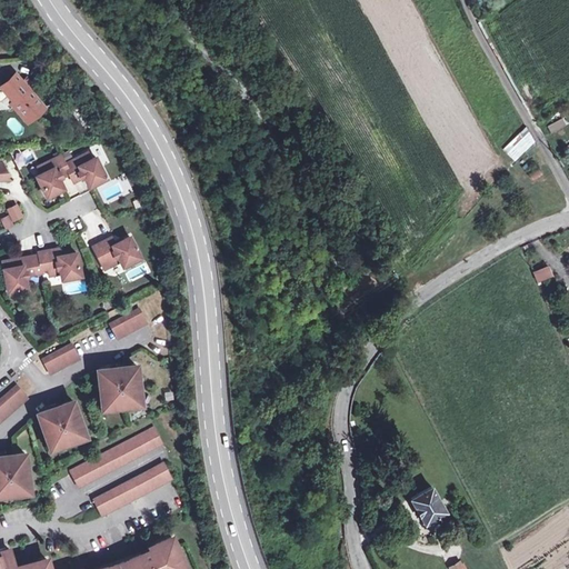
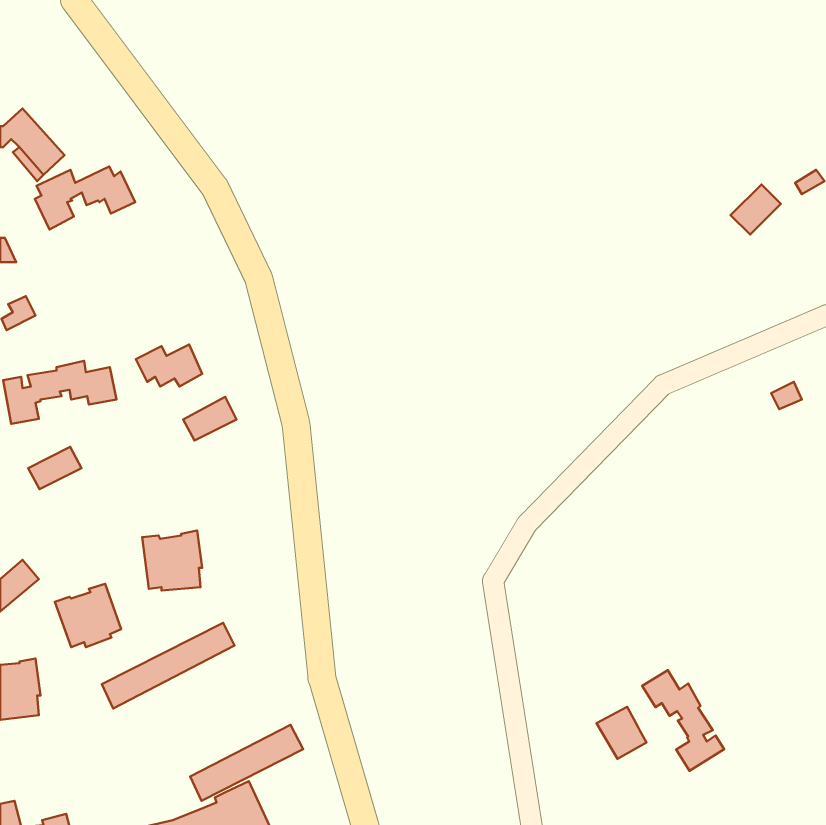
building: [37,154,106,198] -> [35,167,135,230]
building: [112,309,149,339] -> [183,397,236,441]
building: [44,345,81,373] -> [28,447,82,489]
building: none -> [642,670,724,771]
building: [93,463,171,516] -> [190,725,303,801]

